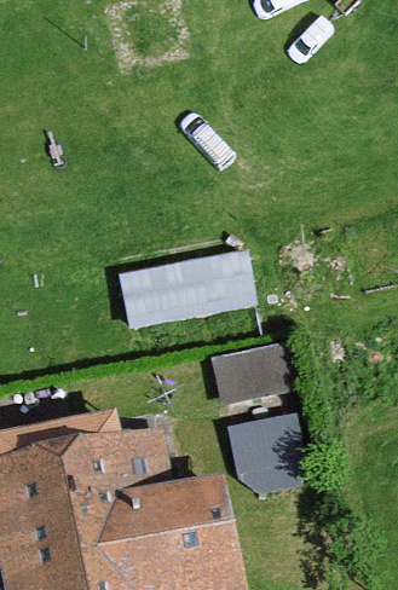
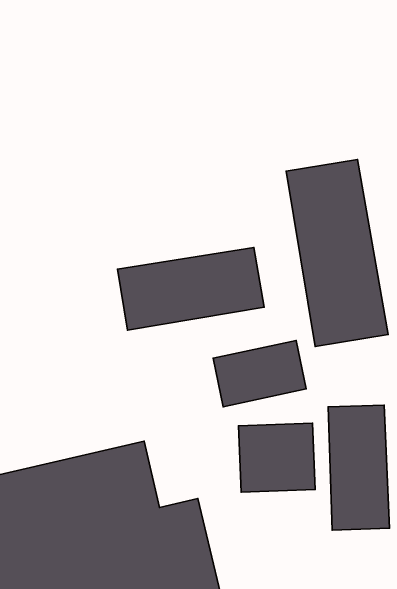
building: none -> [286,160,388,347]
building: none -> [328,405,390,530]

